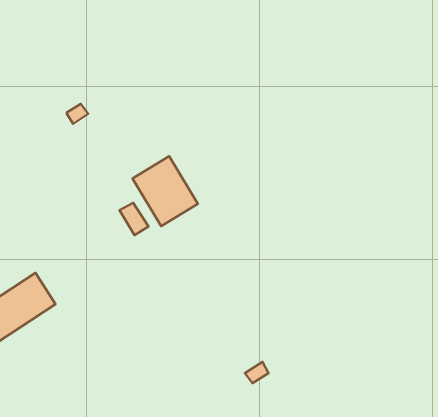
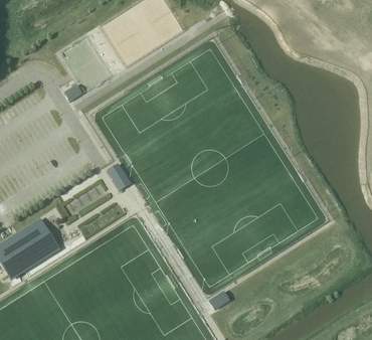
building: [132,156,198,226] -> none

